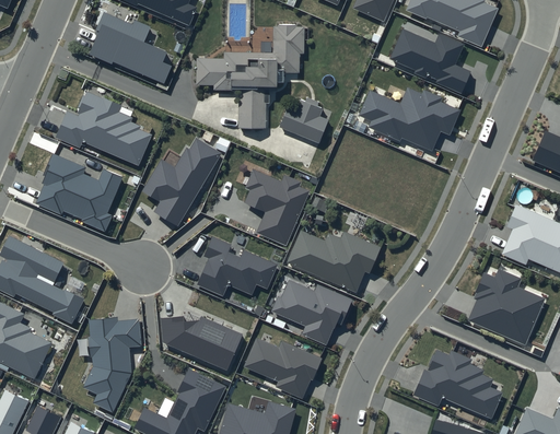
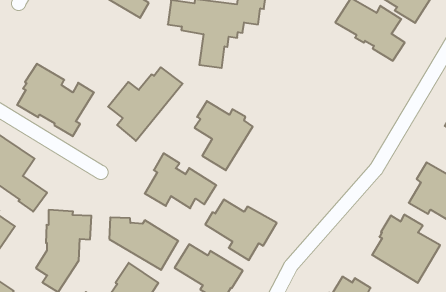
building: [359,87,460,151] -> none
building: [55,92,152,166] -> none
building: [281,98,329,144] -> none
building: [287,230,381,293] -> none

